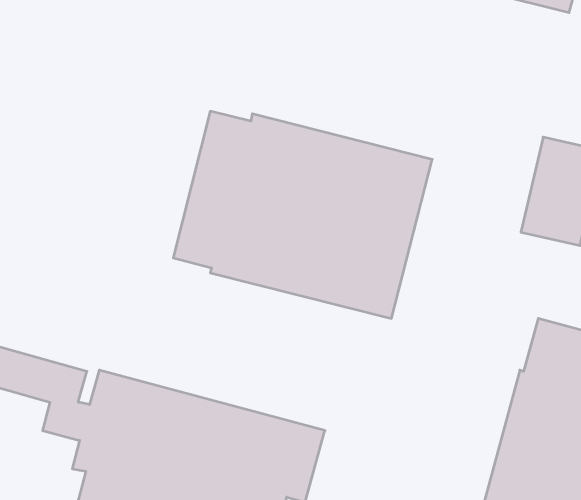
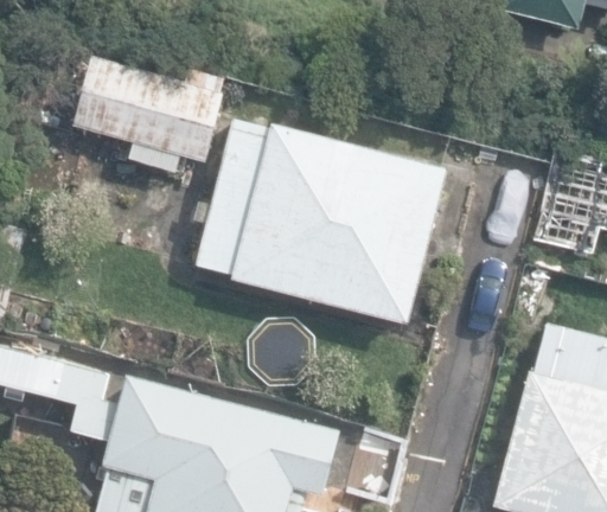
building: none -> [72,59,223,169]

